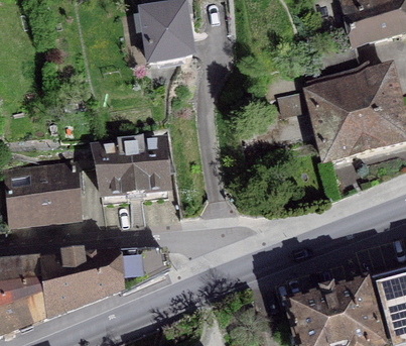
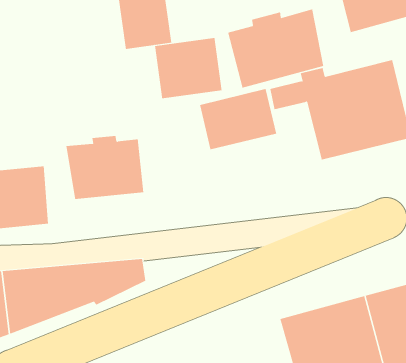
building: none -> [227,9,324,89]
building: none -> [155,37,222,99]
building: none -> [199,88,277,150]

